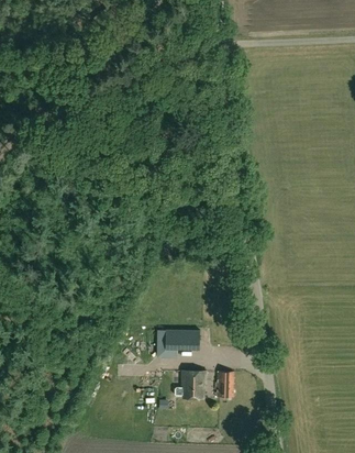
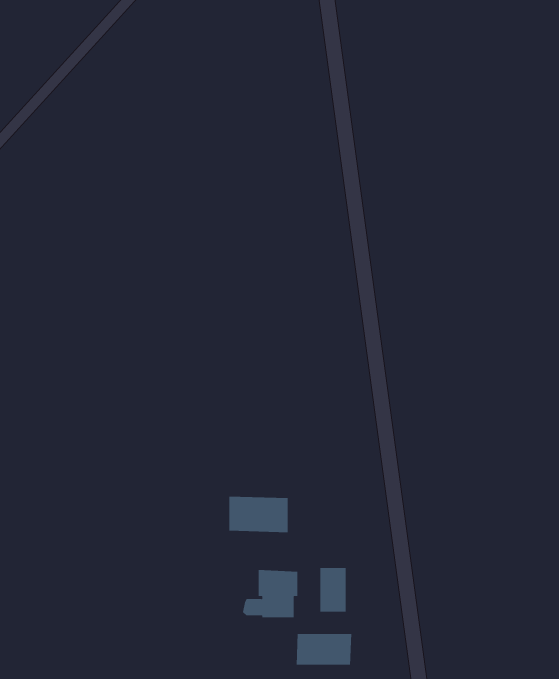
building: none -> [296,633,352,666]

